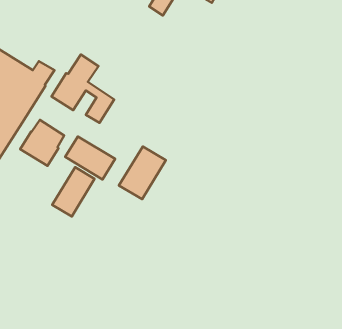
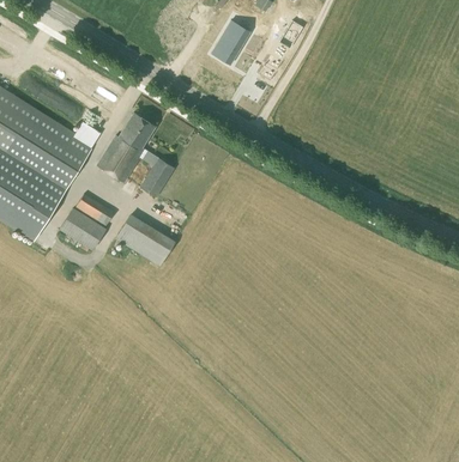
building: [119,146,166,199] -> none
building: [52,167,95,216] -> none

